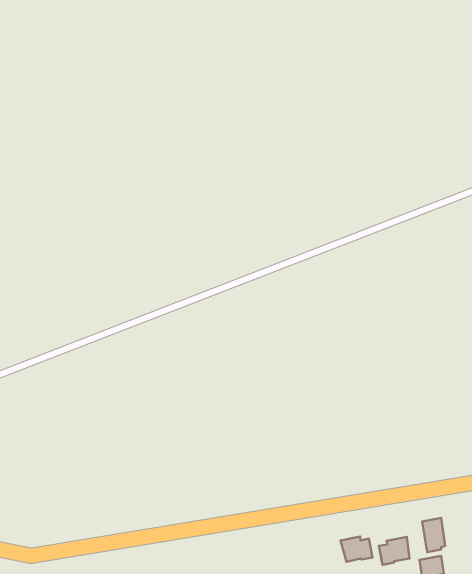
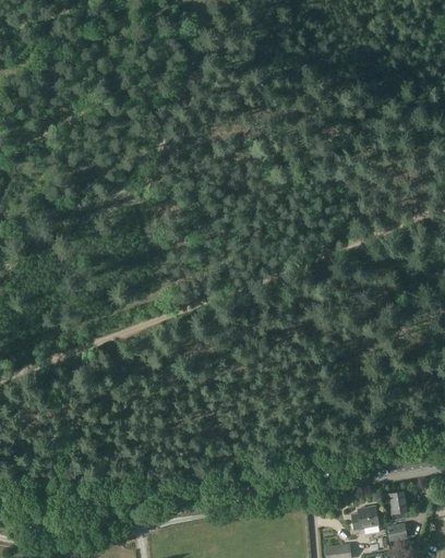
building: [341,536,373,562] -> none

